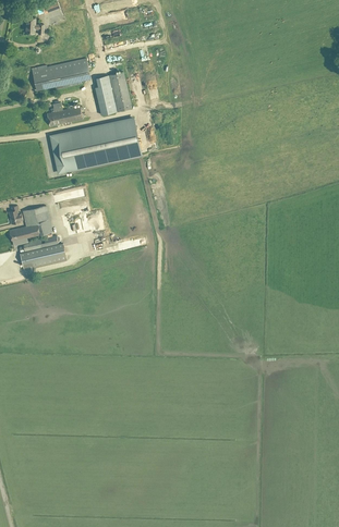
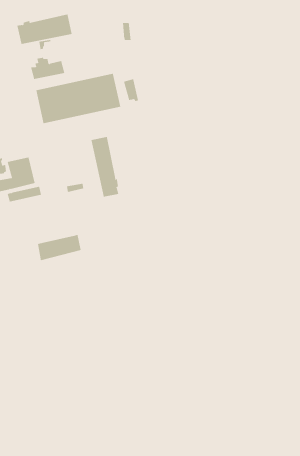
building: [95,71,131,114] -> none
building: none -> [91,136,119,198]
building: [20,243,65,270] -> [37,234,81,261]

